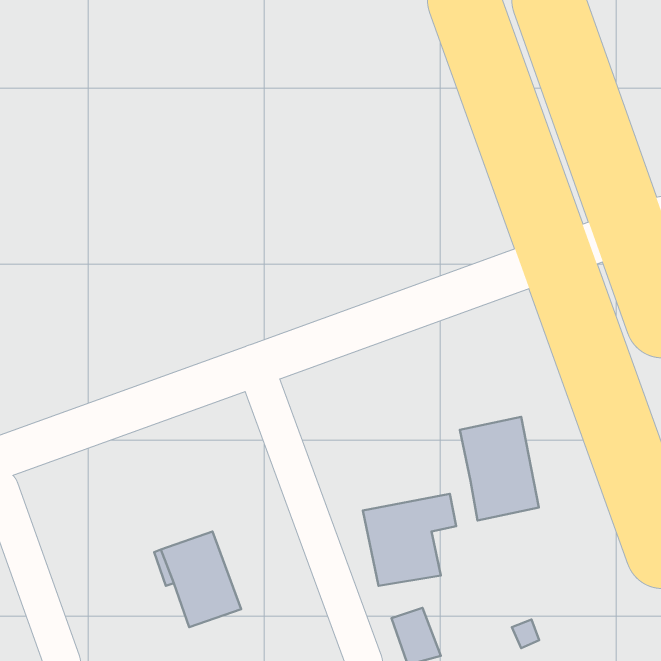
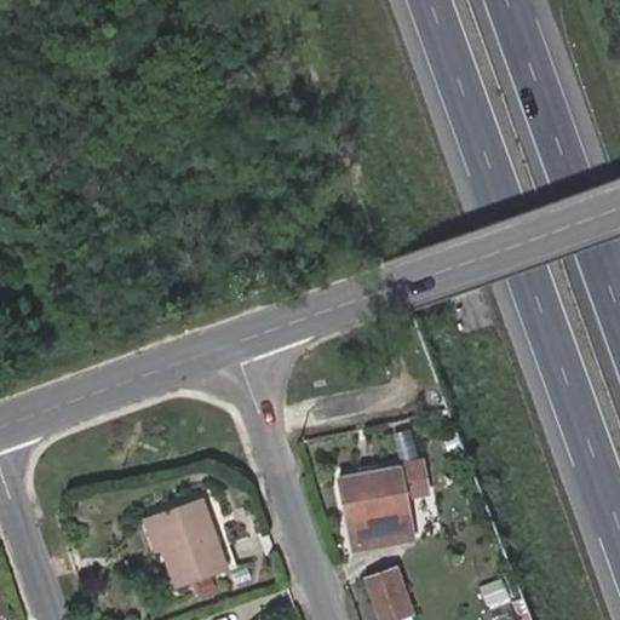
building: [460,417,539,520] -> none

